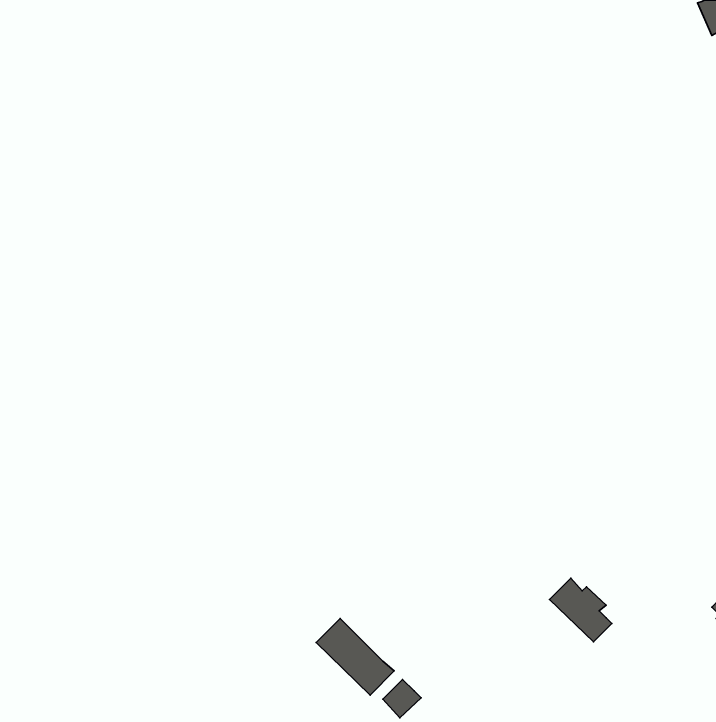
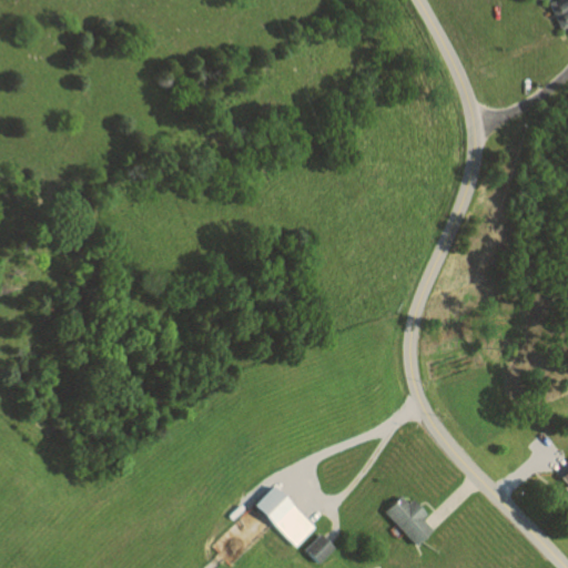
building: [550,578,612,642] -> [386,495,435,545]

